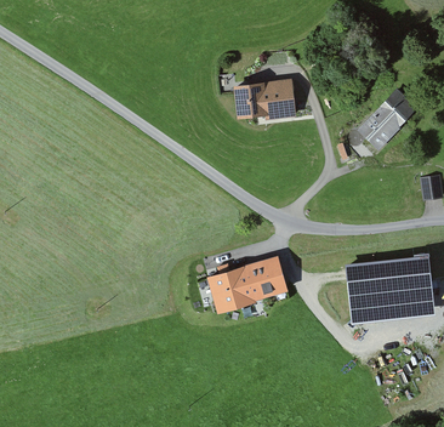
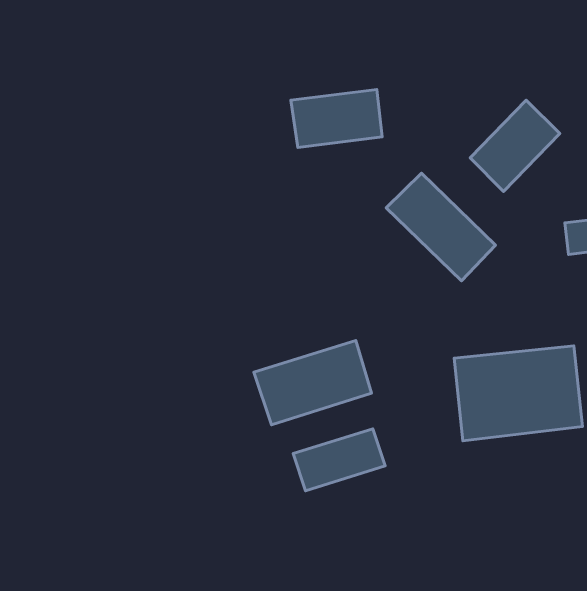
building: none -> [386,173,495,281]
building: none -> [293,429,385,491]

